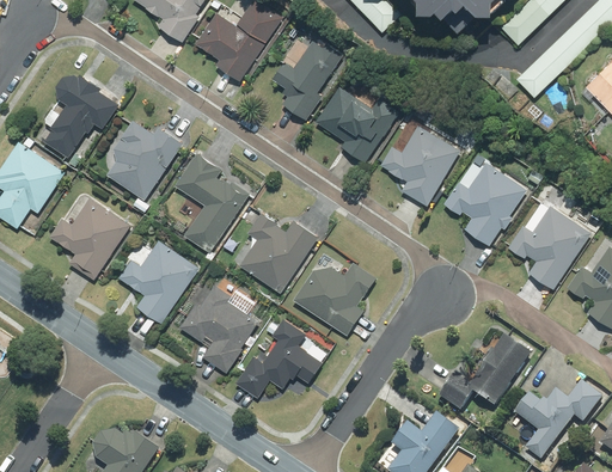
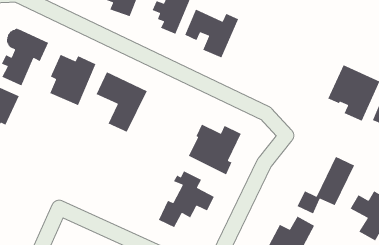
building: [381,122,460,206] -> none
building: [445,163,526,245] -> none
building: [49,197,131,278] -> none
building: [239,212,317,293] -> none
building: [118,240,197,323] -> none
building: [180,282,259,373] -> none

